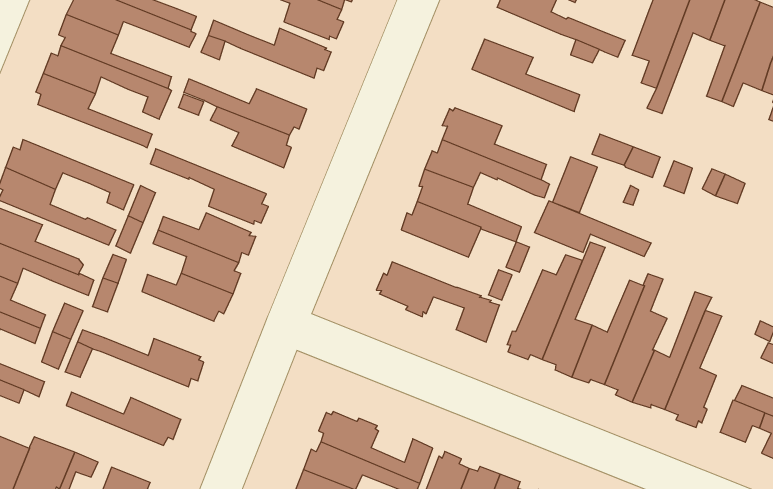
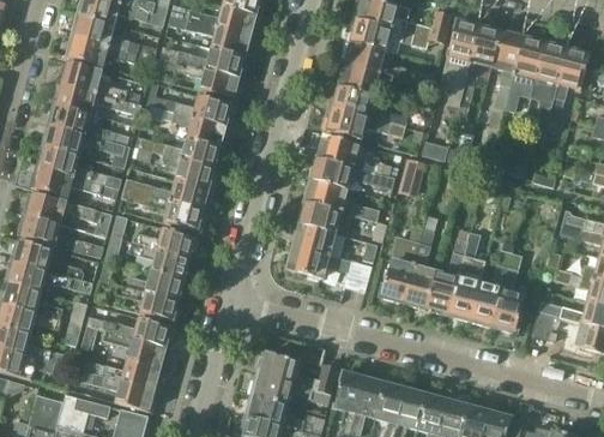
building: none -> [338,62,389,94]
building: none -> [170,112,228,148]
building: none -> [30,167,114,197]
building: none -> [123,179,212,209]
building: [534,201,651,256] -> [325,107,405,139]
building: none -> [294,222,345,257]
building: none -> [115,283,180,322]
building: none -> [101,330,168,370]
building: none -> [68,366,156,411]

